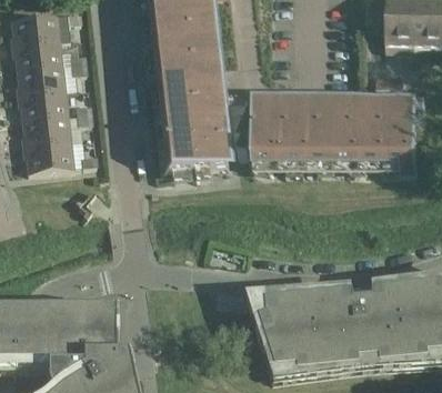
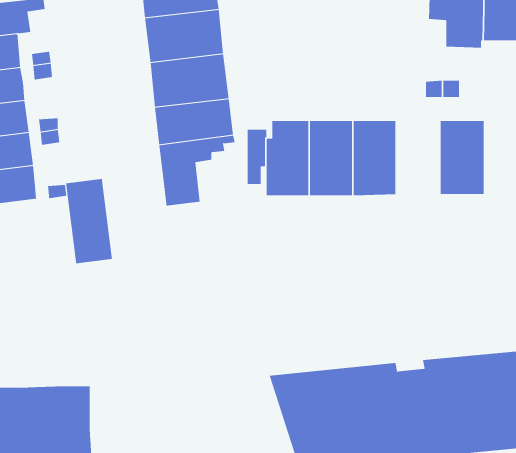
building: [348,100,381,157] -> none
building: [194,117,229,162] -> none
building: none -> [66,178,112,264]

